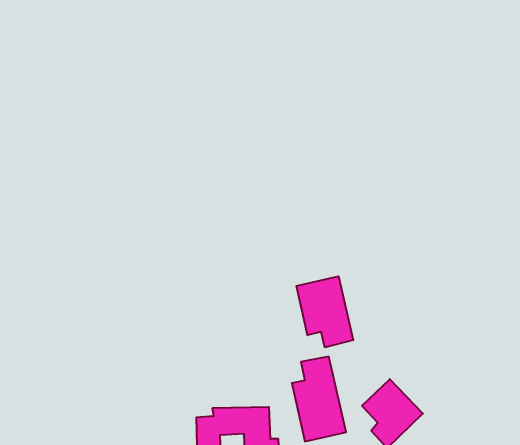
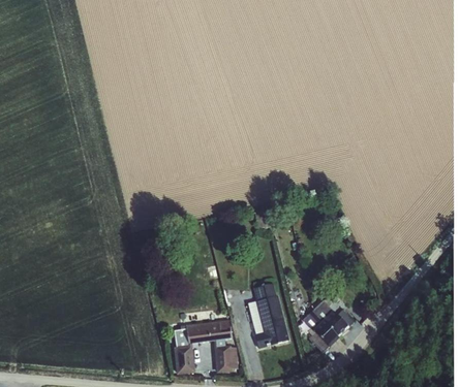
building: [296,276,353,347] -> none

